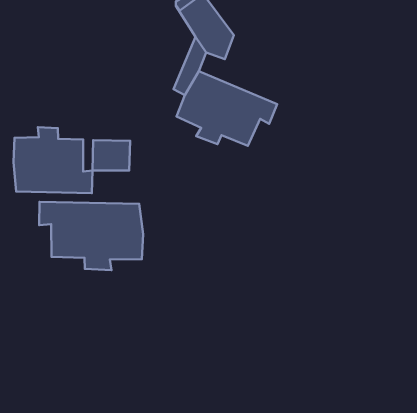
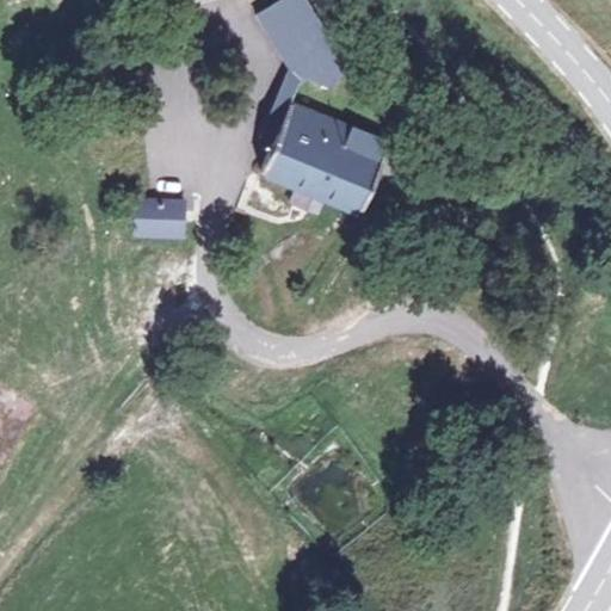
building: [13,127,92,193] -> none
building: [39,202,143,270] -> none

